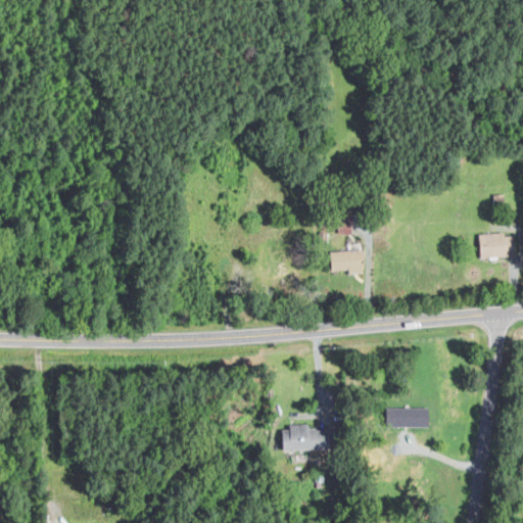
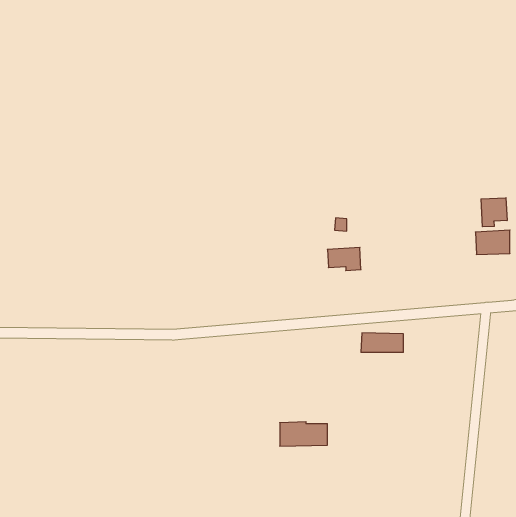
building: none -> [481,198,507,227]
building: [385,408,428,427] -> [361,333,403,352]

